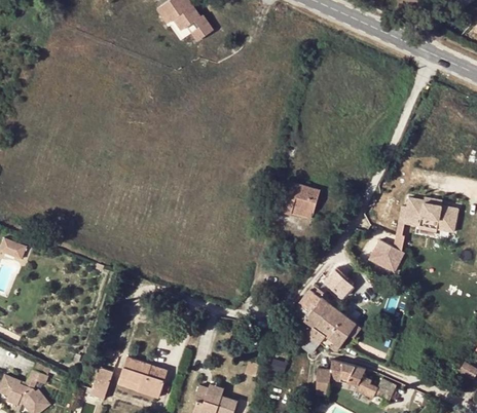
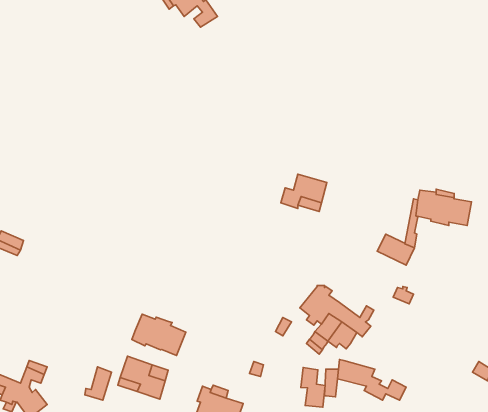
building: [324,269,352,297] -> none
building: none -> [132,314,186,355]
building: none -> [301,368,325,407]

